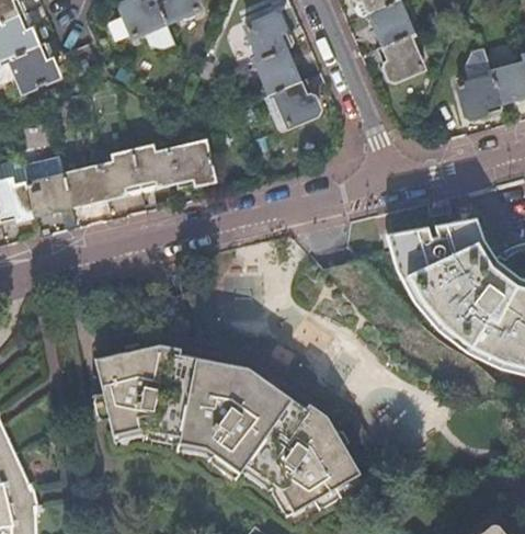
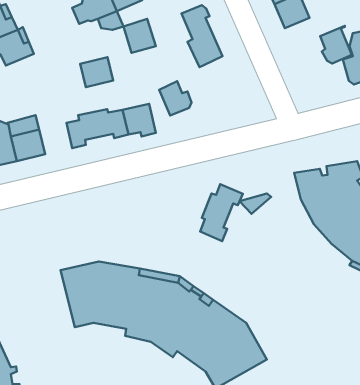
building: [381,33,422,81] -> [320,26,352,63]
building: none -> [123,19,156,53]
building: [278,82,320,126] -> [159,81,192,115]
building: none -> [80,57,113,87]
building: [66,168,109,208] -> none
building: none -> [200,184,243,241]

